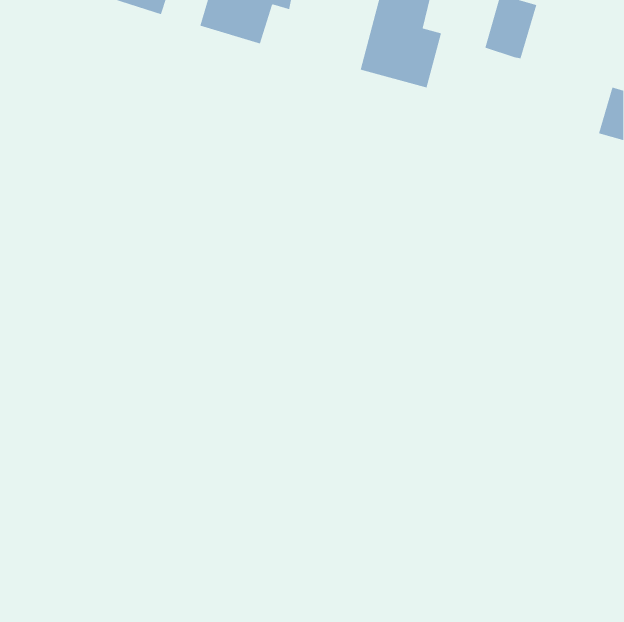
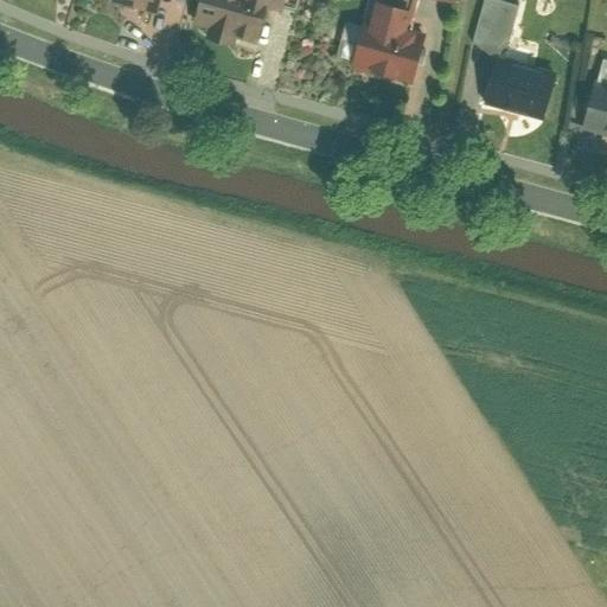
building: none -> [484,56,557,120]

